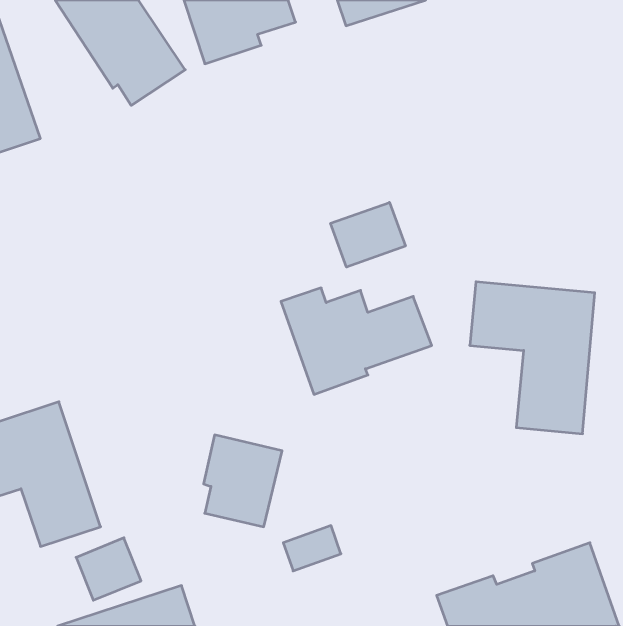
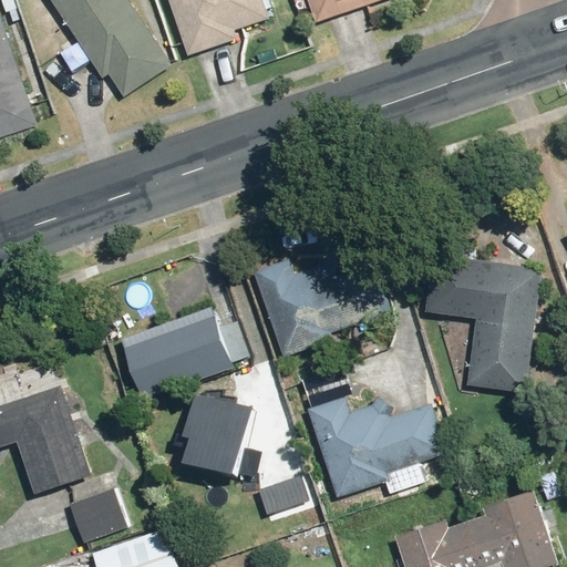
building: [331,202,405,267] -> none
building: none -> [122,306,250,400]
building: none -> [306,396,454,496]

